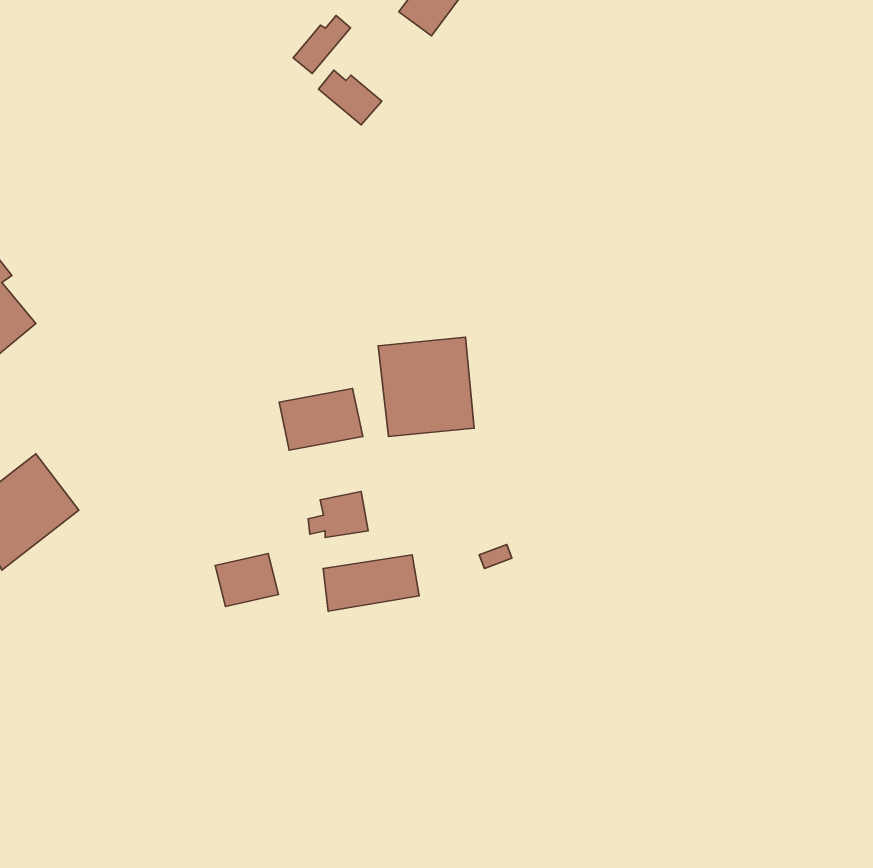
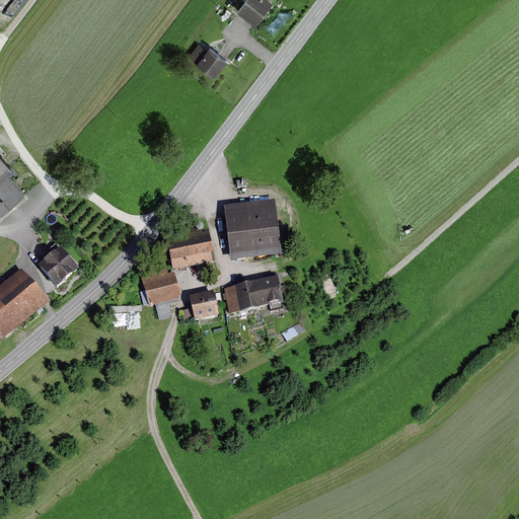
building: [293,15,350,74] -> none
building: none -> [39,246,78,287]
building: [215,553,278,606] -> [143,272,180,303]
building: [323,555,419,611] -> [225,278,282,311]

